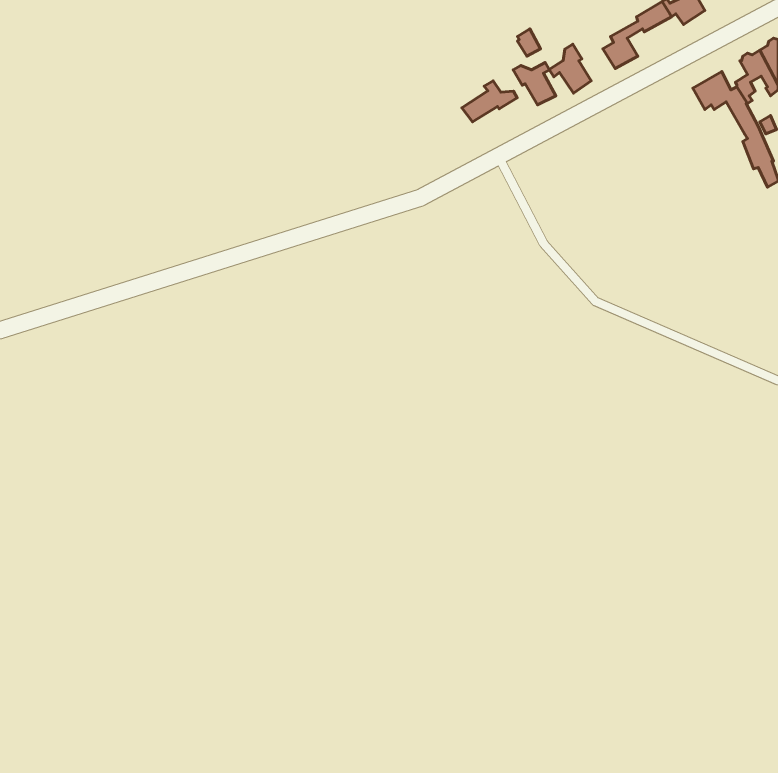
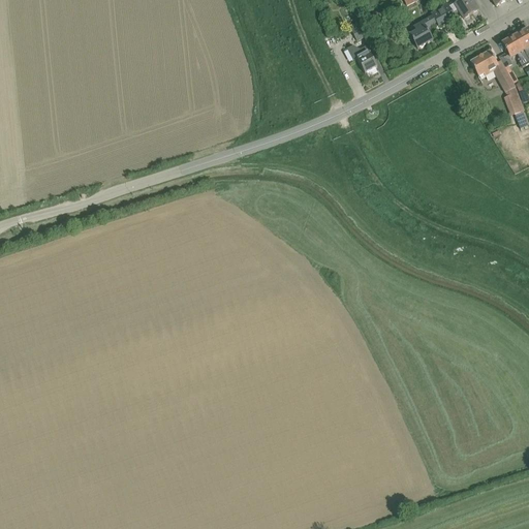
building: [549,44,591,93] -> none
building: [462,81,517,122] -> none

